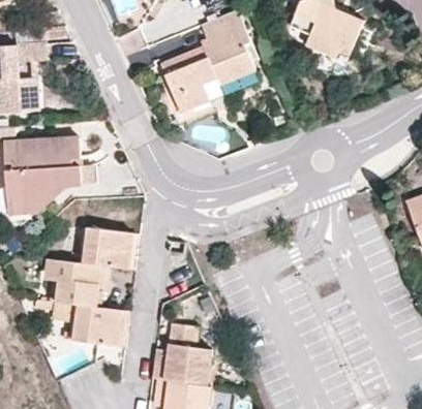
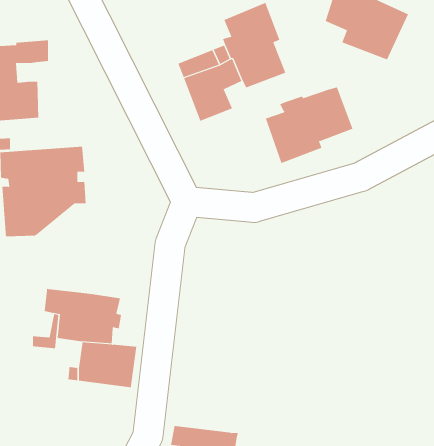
building: none -> [265,87,353,164]
building: [84,228,132,270] -> none
building: [153,323,213,385] -> none

